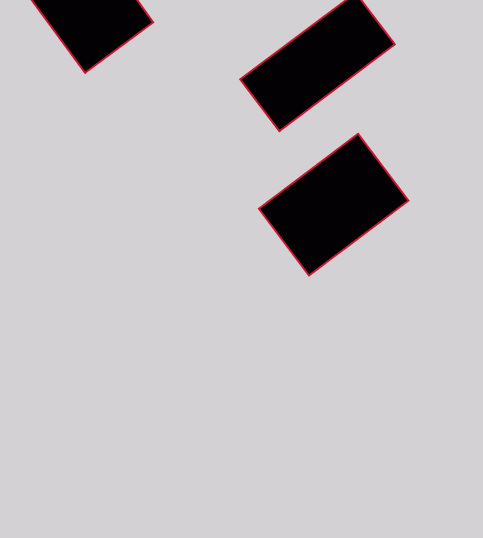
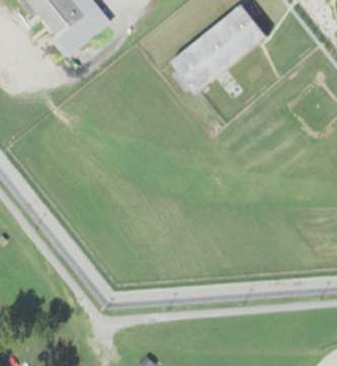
building: [259,134,409,276] -> none

